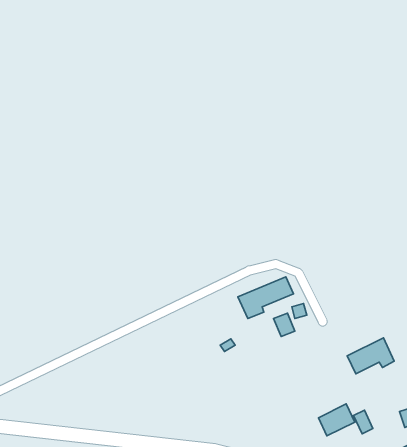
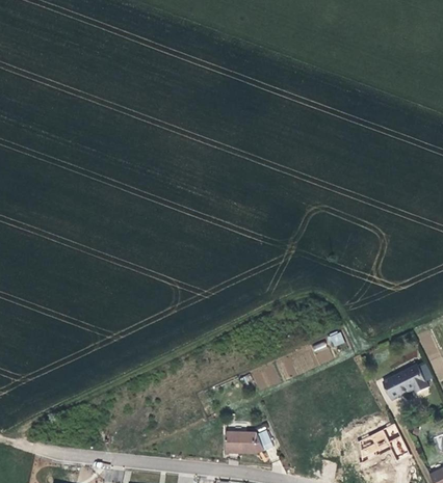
building: [238,277,293,318] -> none
building: none -> [226,431,272,453]

